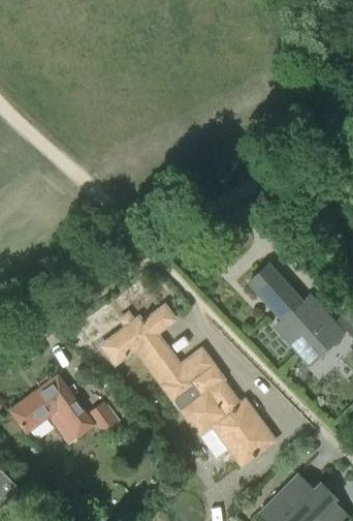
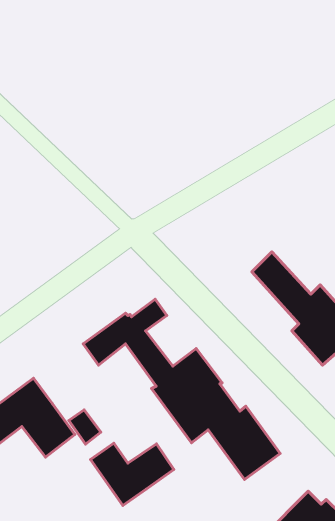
building: none -> [90,443,174,506]

